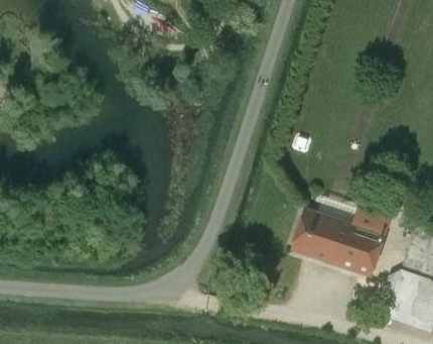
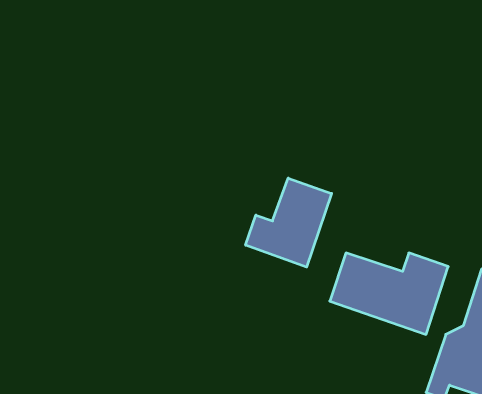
building: none -> [246,178,332,267]

